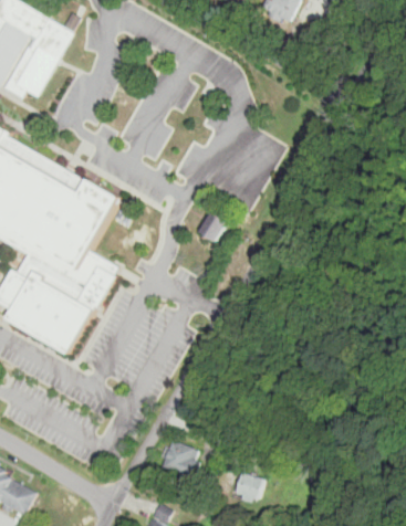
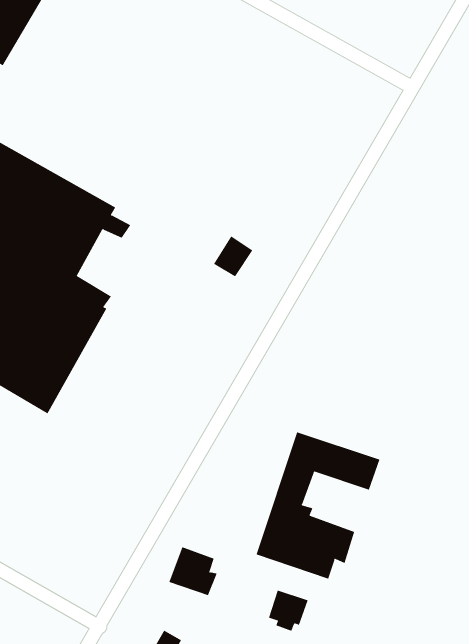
building: none -> [256,431,380,579]

